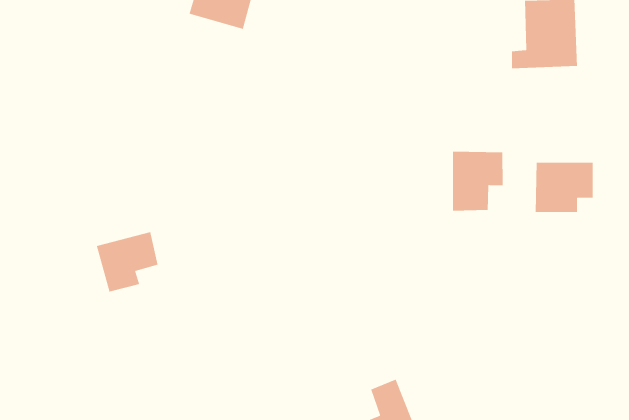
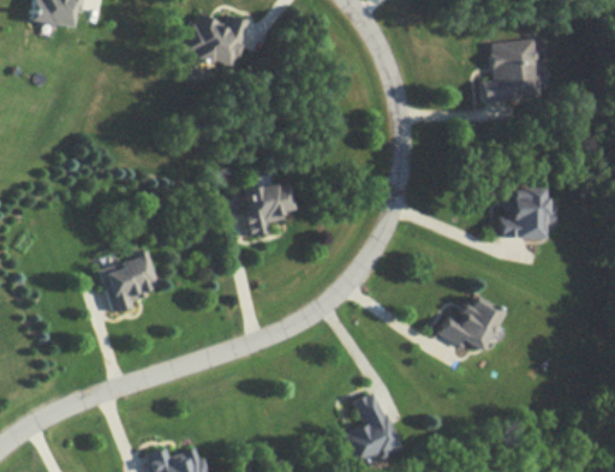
building: [452,151,504,212] -> none
building: none -> [246,183,288,233]
building: none -> [441,299,497,349]

